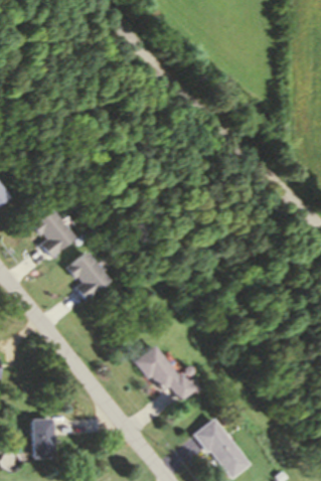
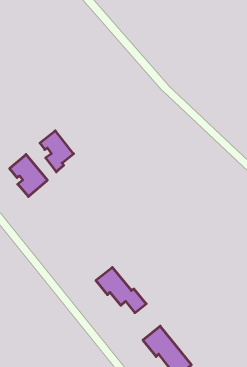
building: [67,254,109,304] -> [40,131,74,172]
building: [30,419,53,458] -> none

